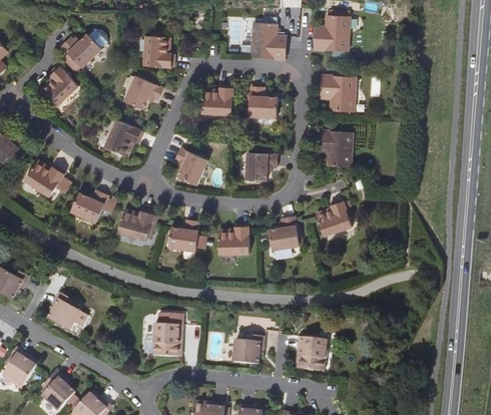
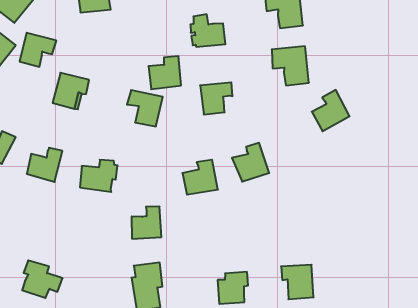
building: [125,75,163,109] -> [20,33,56,67]
building: [201,85,232,114] -> [148,56,181,89]
building: [317,199,352,237] -> [312,90,350,131]
building: [168,219,199,250] -> [132,207,161,239]

